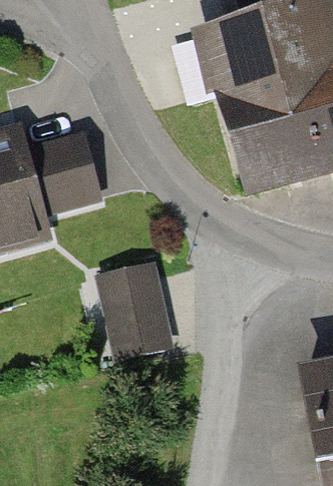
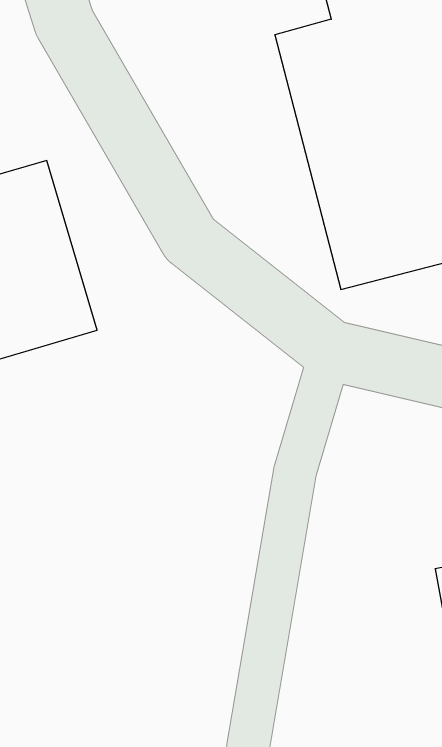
building: [96,261,164,357] -> none

